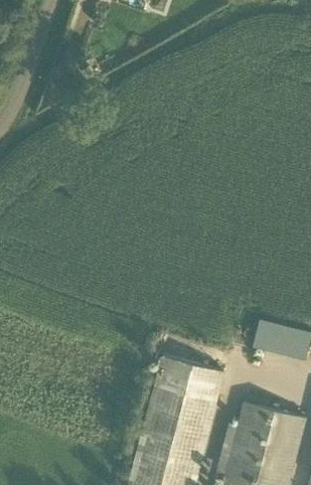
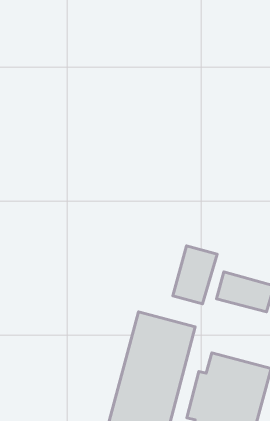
building: none -> [173,246,217,304]

